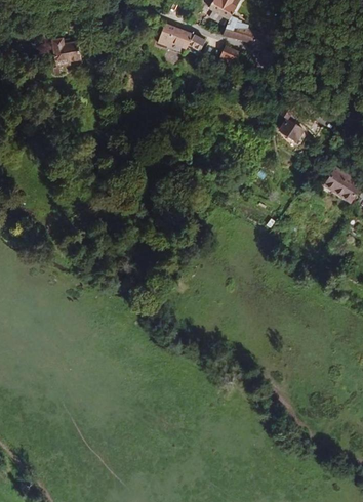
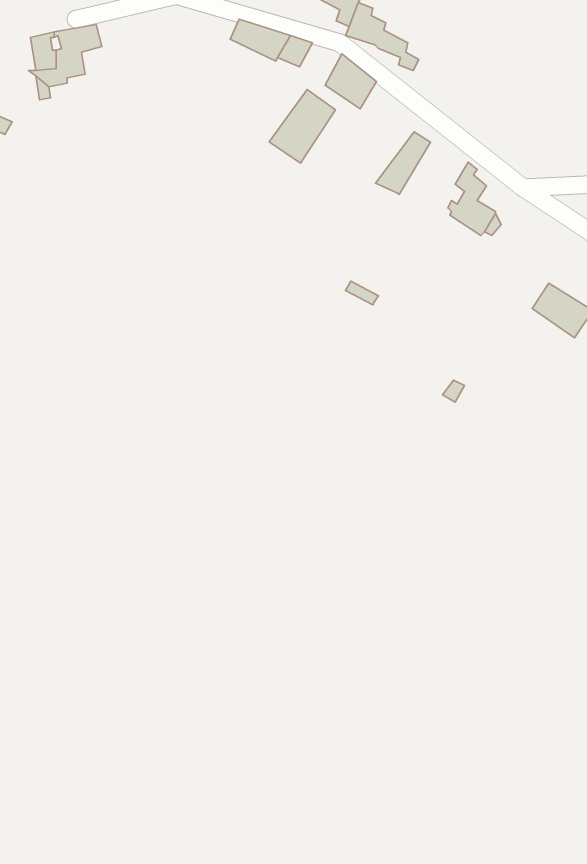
building: none -> [269,90,335,163]
building: none -> [376,132,431,194]

